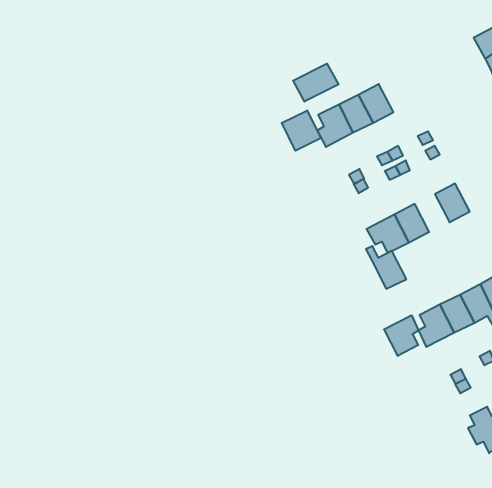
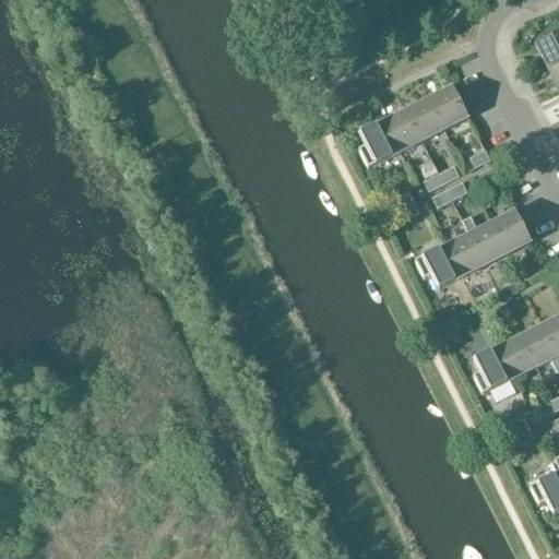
building: [293,64,338,102] -> none
building: none -> [430,83,469,127]
building: [282,110,321,151] -> none
building: [366,246,406,289] -> [464,214,510,262]
building: [384,315,419,356] -> none

